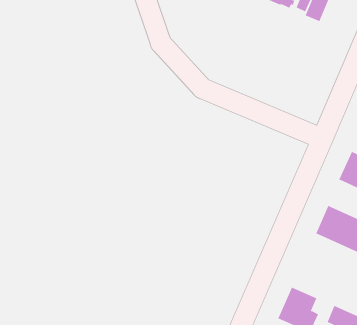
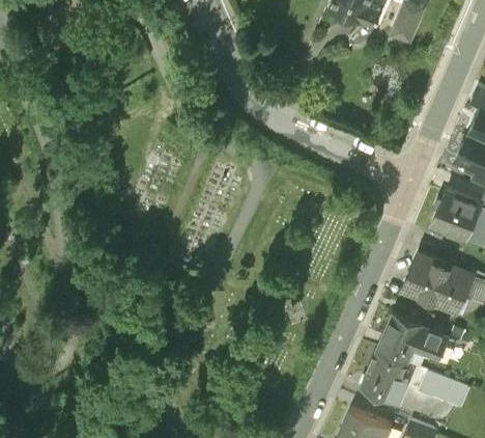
building: none -> [377,312,444,363]

